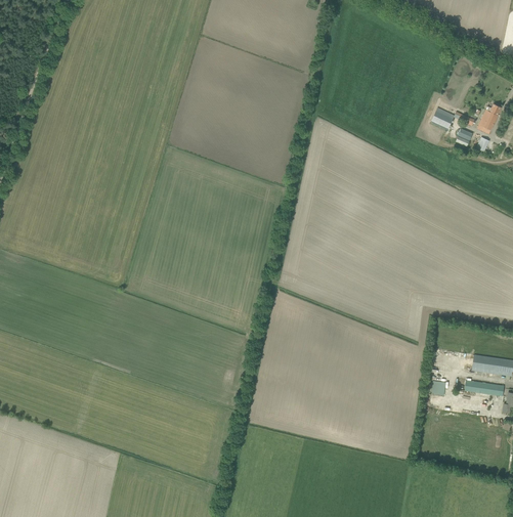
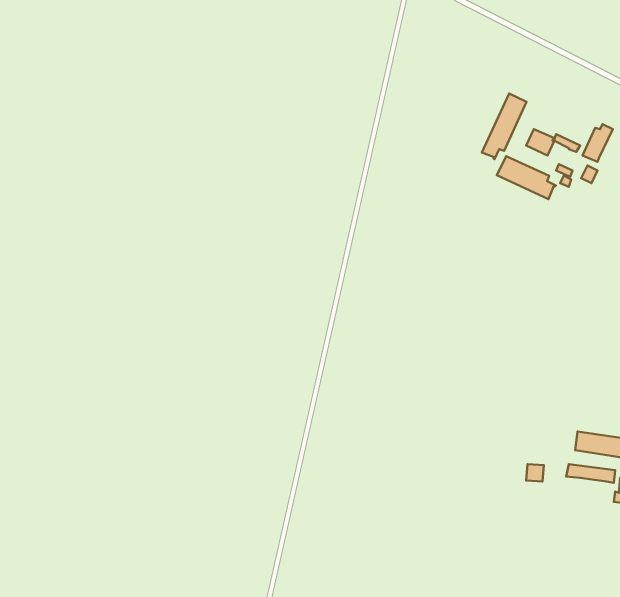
building: none -> [482,94,527,159]
building: none -> [497,156,556,199]

